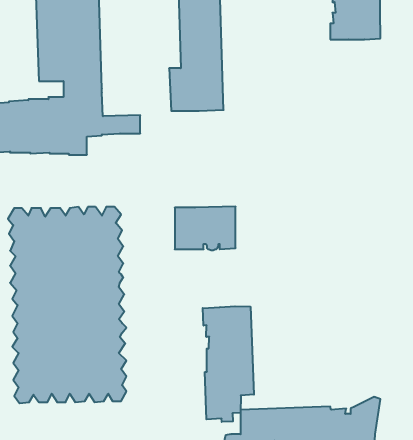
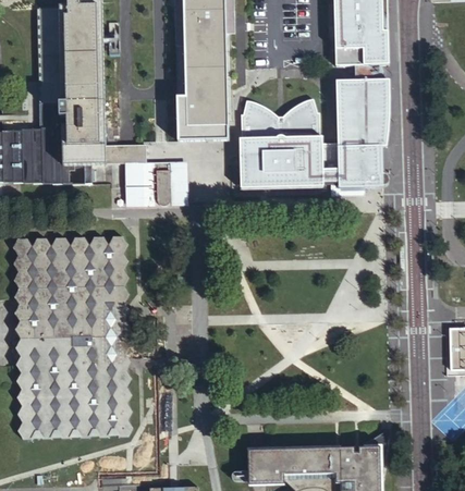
building: none -> [236,76,391,195]
building: [175,207,236,250] -> [123,161,185,206]
building: [203,306,254,422] -> none

